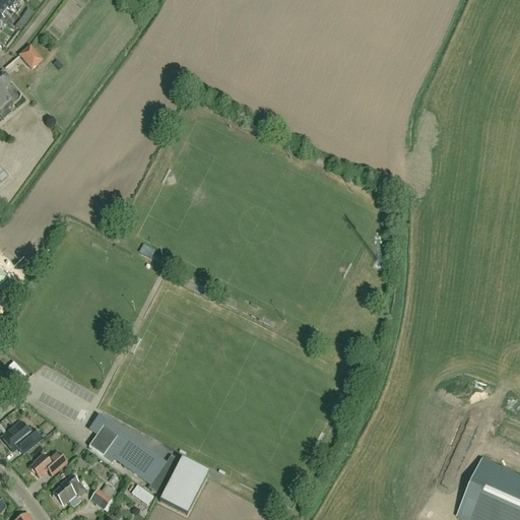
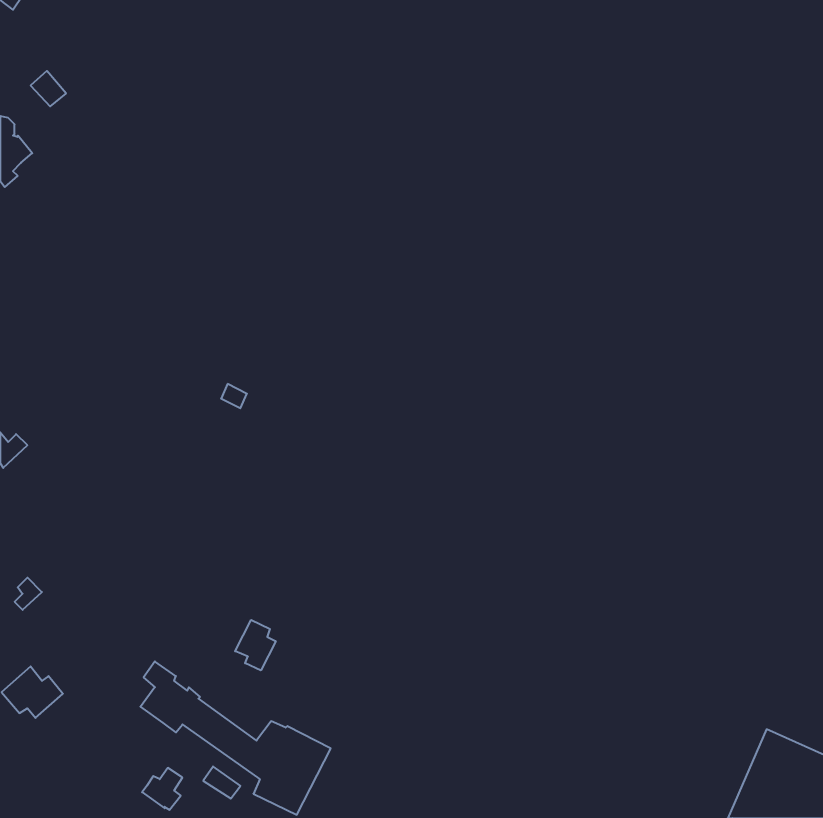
building: none -> [235,620,276,670]
building: [30,451,67,476] -> none
building: [53,473,85,505] -> none

